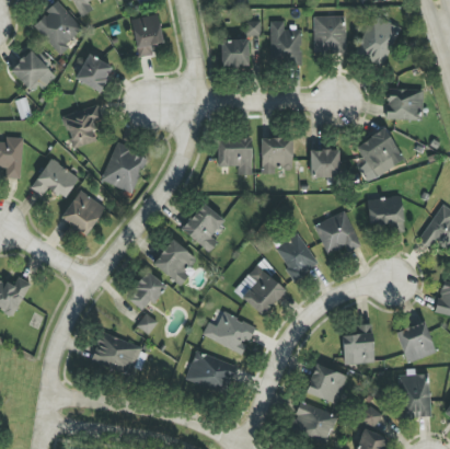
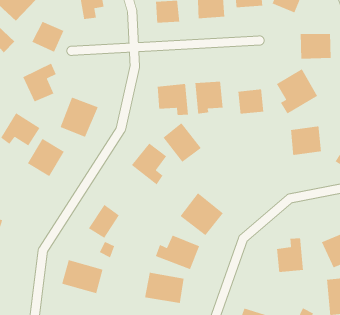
building: [313,210,361,255] -> none
building: [274,232,319,279] -> [163,122,202,163]
building: [152,239,197,286] -> none
building: [304,364,347,404] -> none

